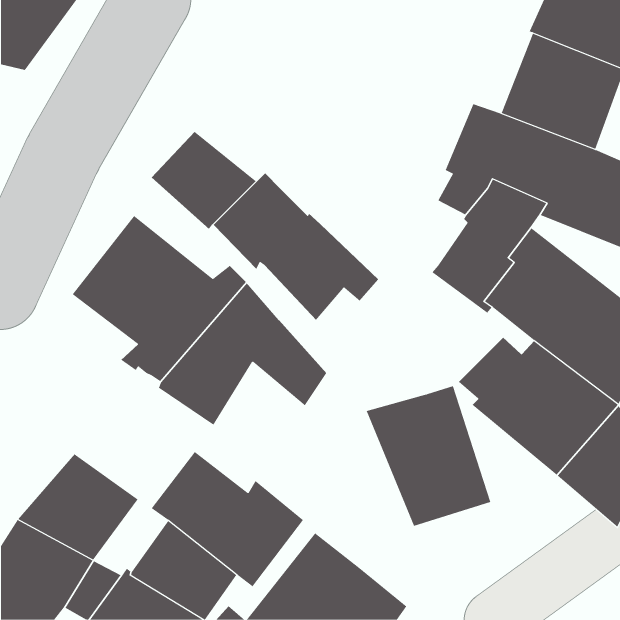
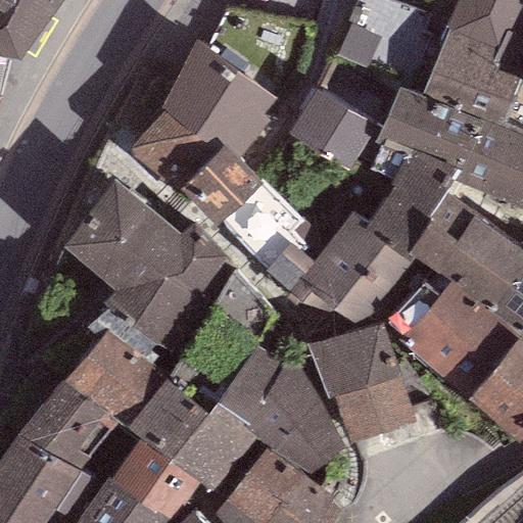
building: none -> [158,39,277,158]
building: none -> [290,87,377,169]
building: none -> [265,211,417,331]
building: none -> [63,310,181,427]
building: none -> [216,346,345,477]

